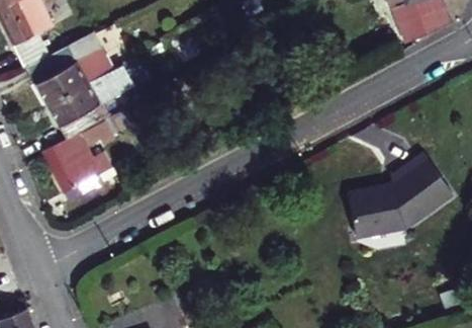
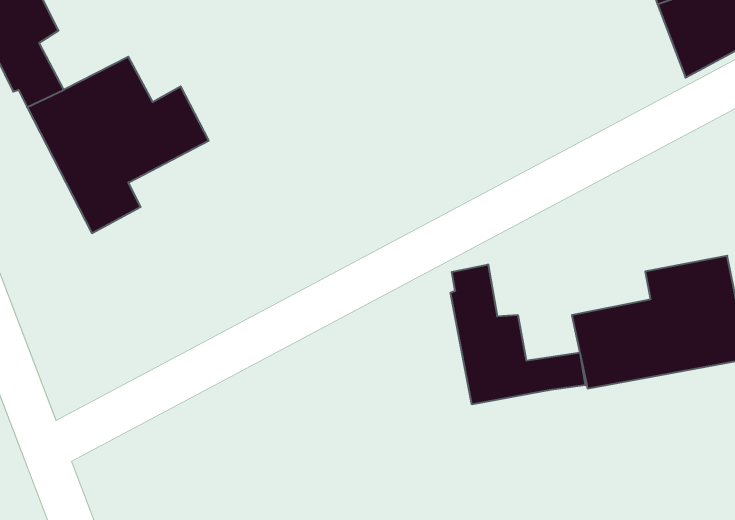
building: [42,120,118,201] -> none
building: none -> [451,264,585,404]

